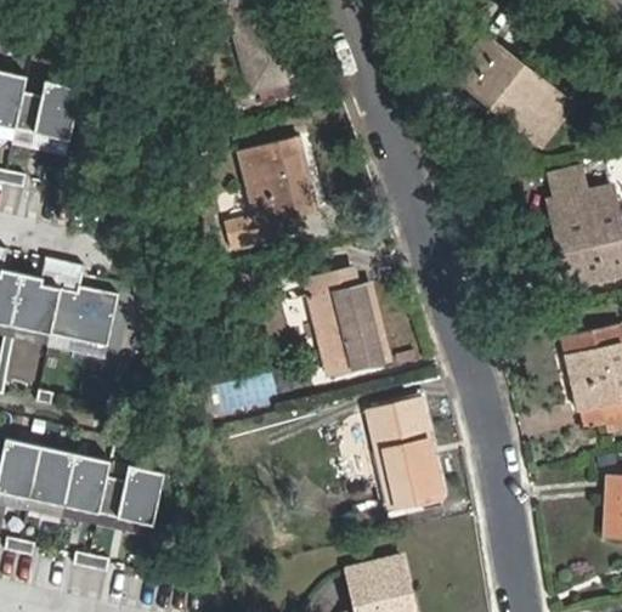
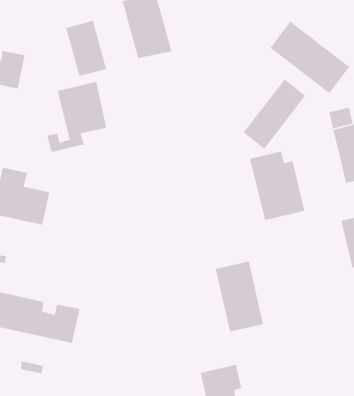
building: none -> [65,20,107,77]
building: none -> [243,78,306,150]
building: [222,140,315,249] -> [46,81,107,153]
building: [304,270,389,376] -> [249,150,305,221]

